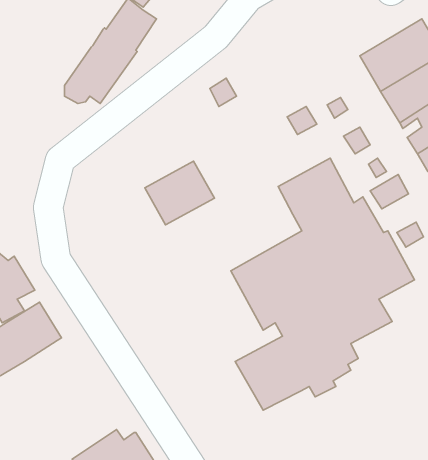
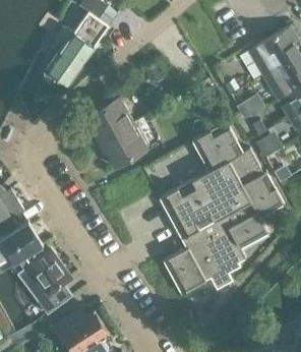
building: none -> [86,98,134,142]
building: none -> [17,247,73,315]

